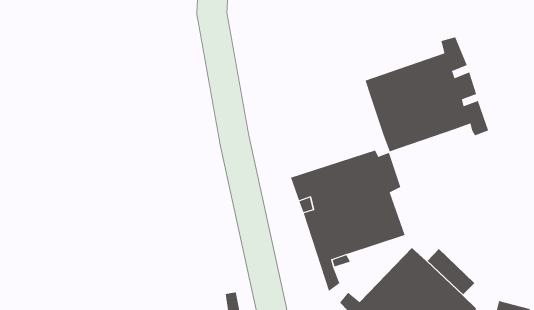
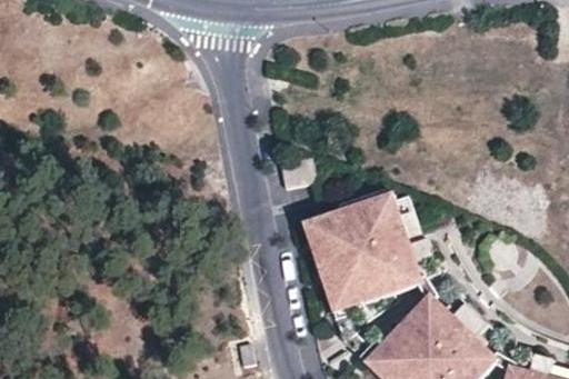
building: [365,37,489,152] -> none

